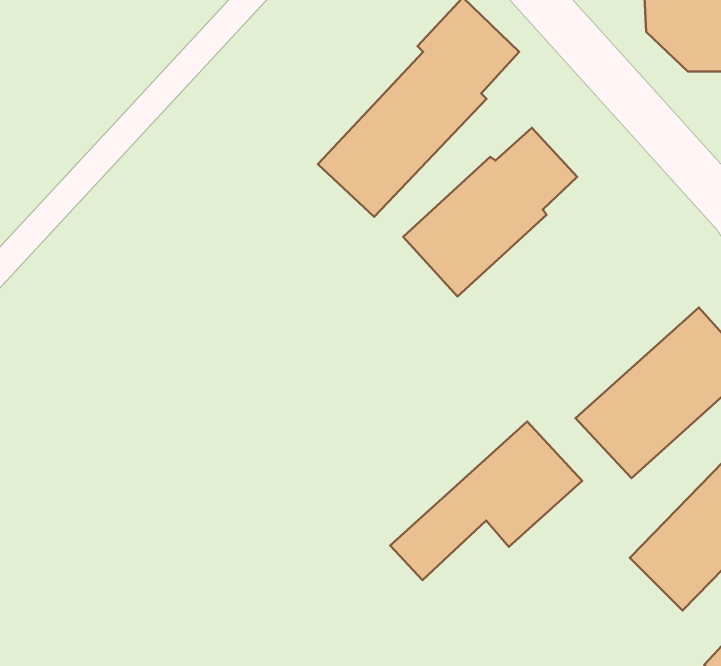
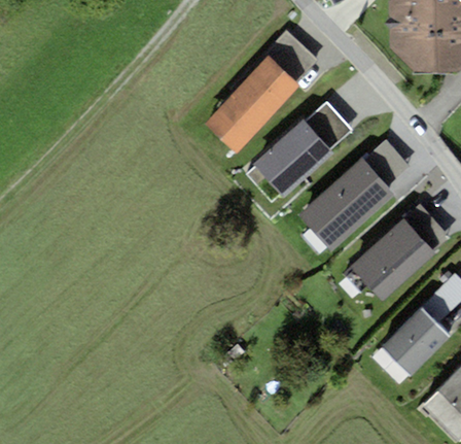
building: none -> [296,140,410,252]
building: [390,422,582,580] -> none

